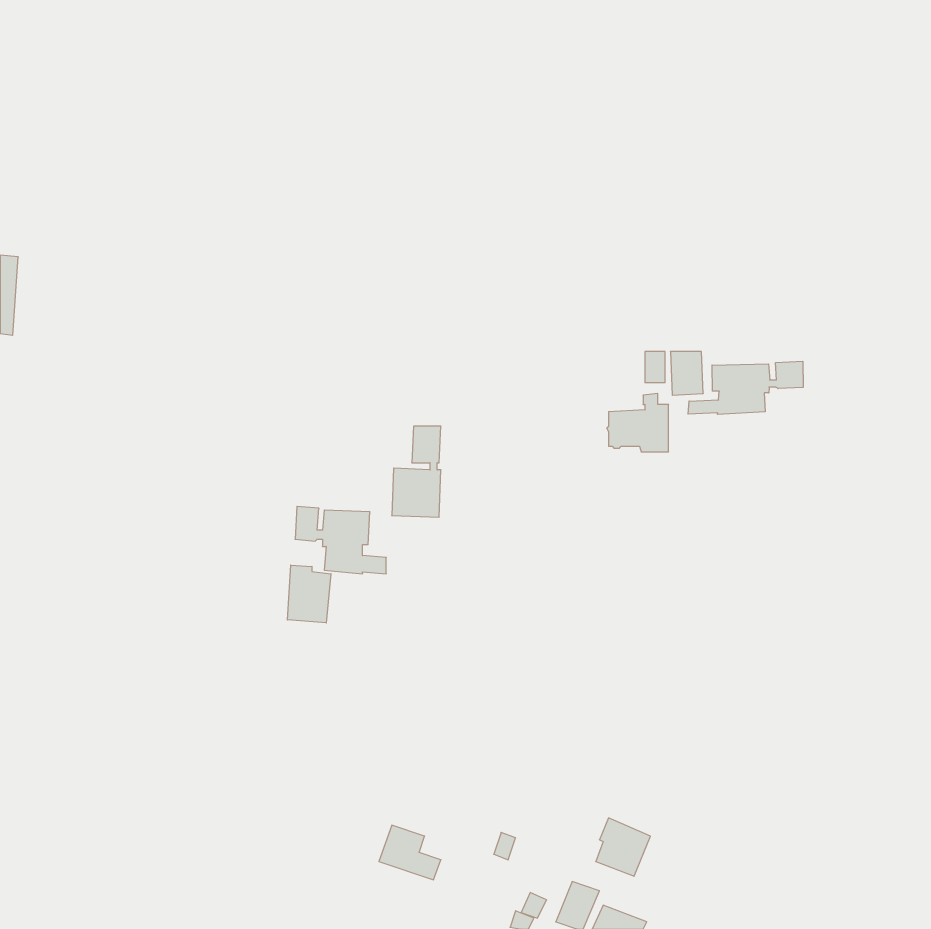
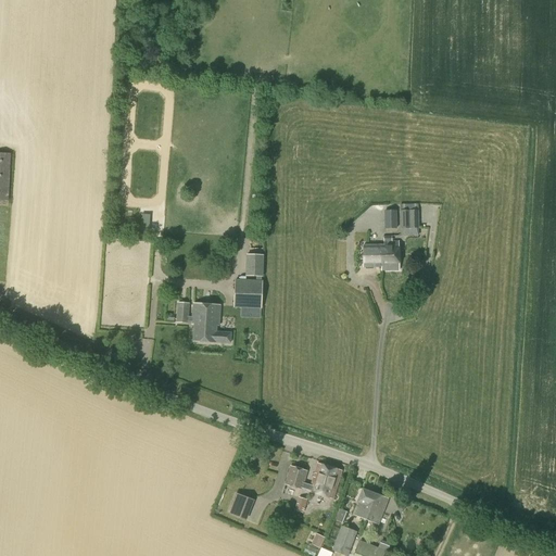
building: [688,361,803,414] -> none
building: [287,565,331,623] -> none
building: none -> [285,464,341,497]

